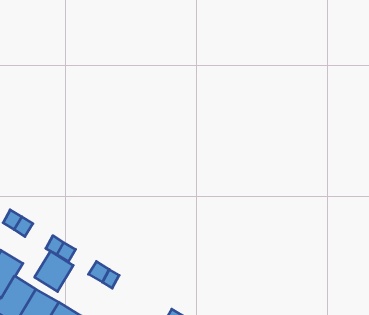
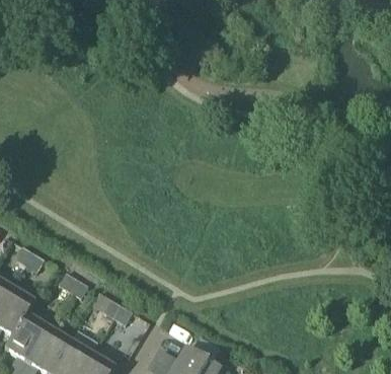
building: [35,251,73,292] -> none

